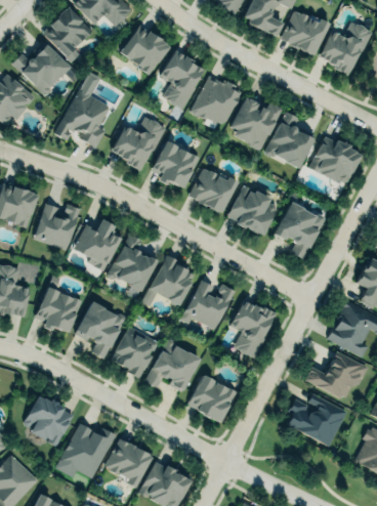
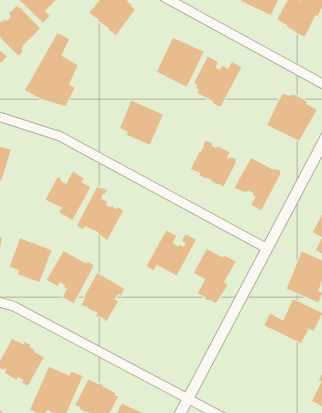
building: [161,49,205,110] -> none
building: [265,112,313,168] -> none
building: [111,118,165,171] -> none
building: [185,166,242,215] -> none
building: [35,205,81,250] -> none
building: [140,253,196,306] -> none
building: [145,339,201,391] -> none
building: [188,374,237,422] -> none
building: [287,393,347,448] -> none

